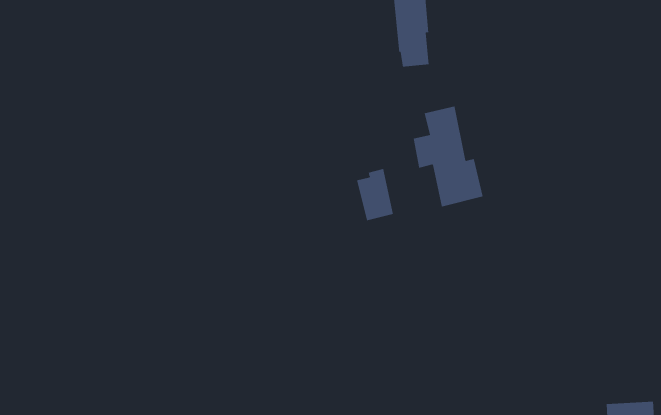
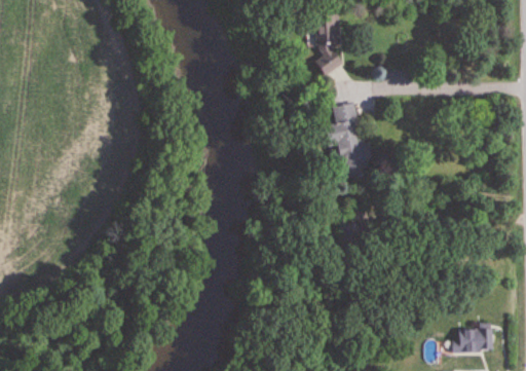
building: [357,168,394,221] -> none

